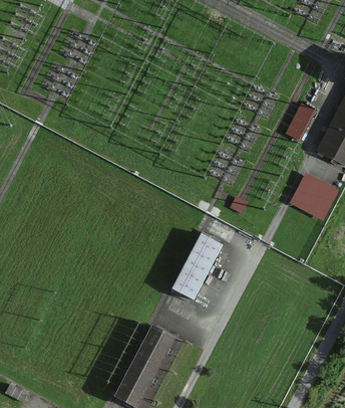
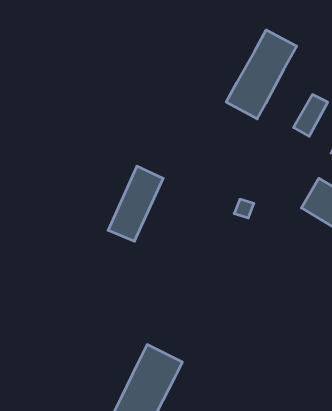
building: none -> [226,30,297,119]
building: [171,233,222,301] -> [108,166,163,241]

